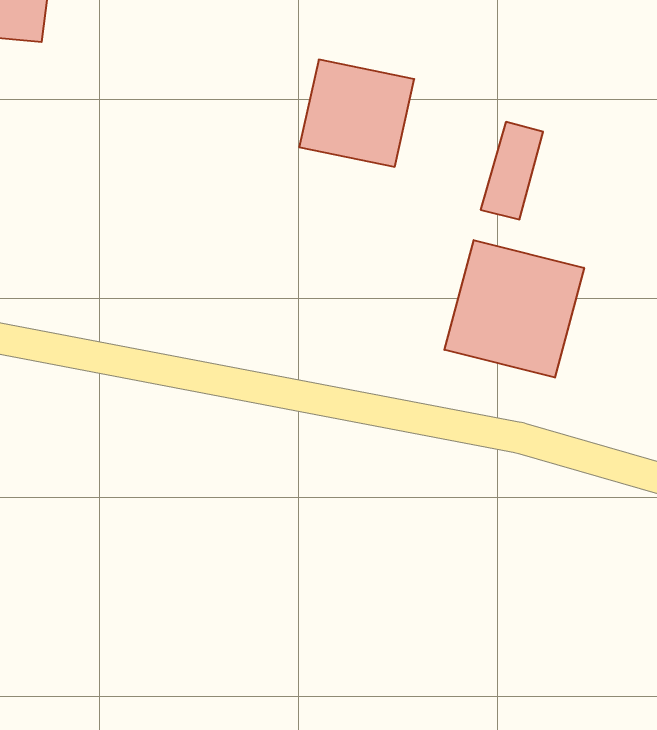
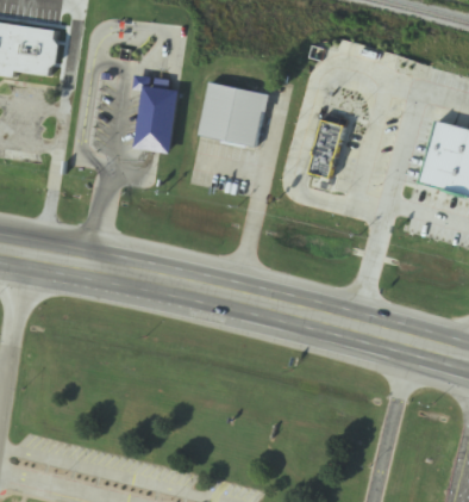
building: none -> [129,76,173,154]
building: [444,240,584,378] -> none

